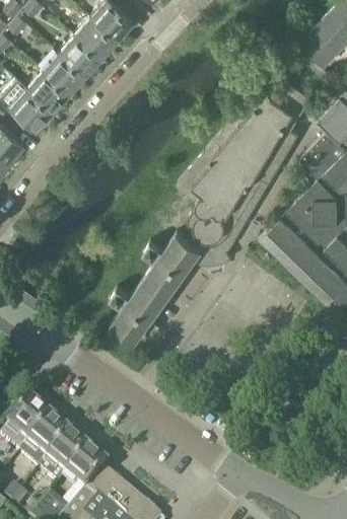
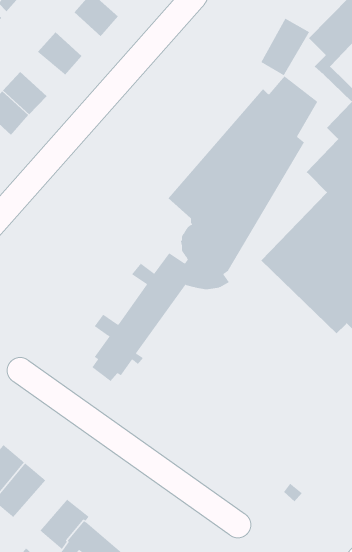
building: [76,17,117,57] -> none
building: none -> [261,18,310,76]
building: [45,53,85,92] -> none
building: [39,436,86,486] -> none

